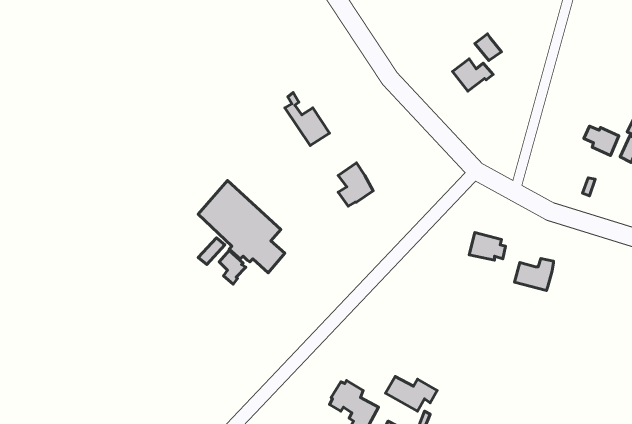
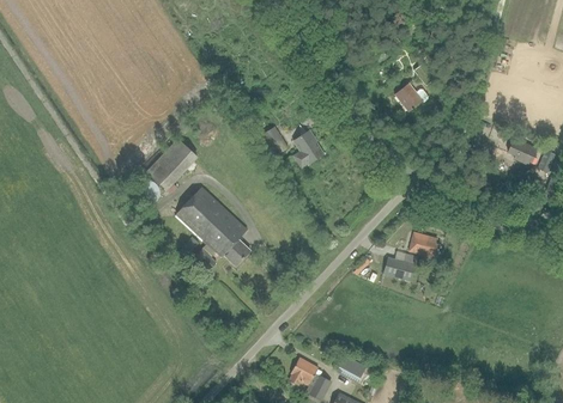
building: none -> [146,136,196,188]
building: [338,163,373,206] -> [293,129,323,166]
building: [514,258,553,291] -> [383,252,417,280]

